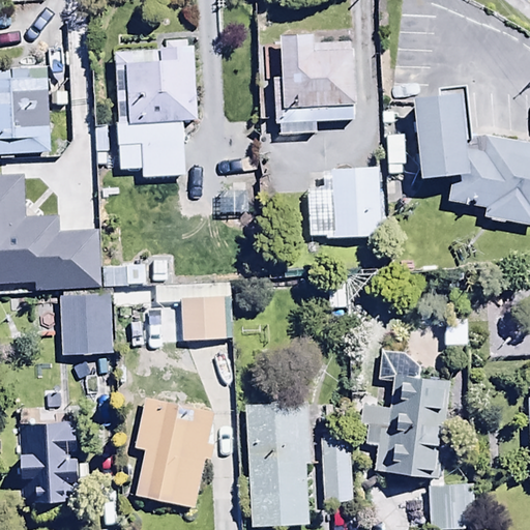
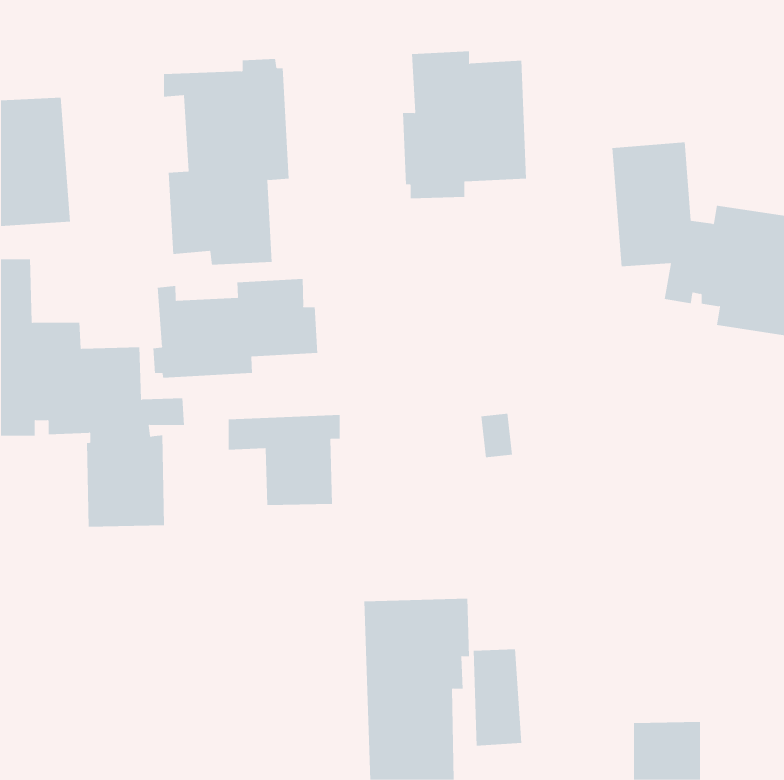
building: [307,168,384,238] -> none
building: none -> [153,278,318,378]
building: [360,379,447,475] -> none
building: [134,398,217,508] -> none
building: [18,422,79,504] -> none

